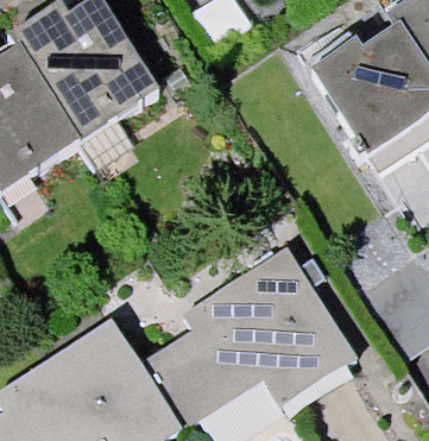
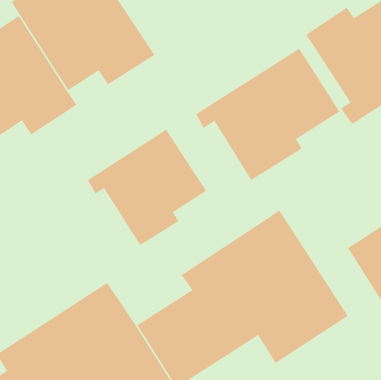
building: none -> [195,48,340,181]
building: none -> [87,129,207,246]

